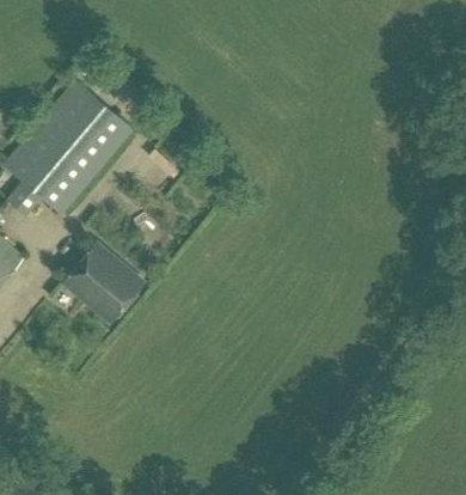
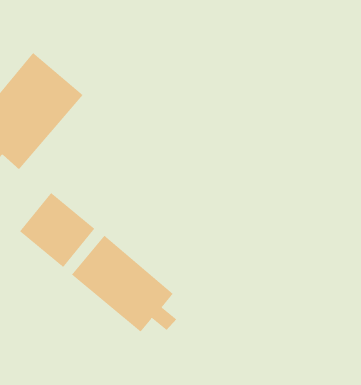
building: none -> [71,235,177,332]

